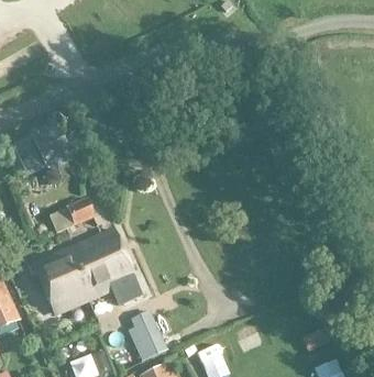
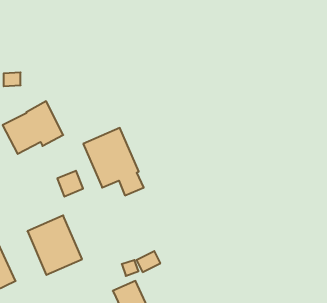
building: [74,229,141,303] -> [83,128,144,195]

